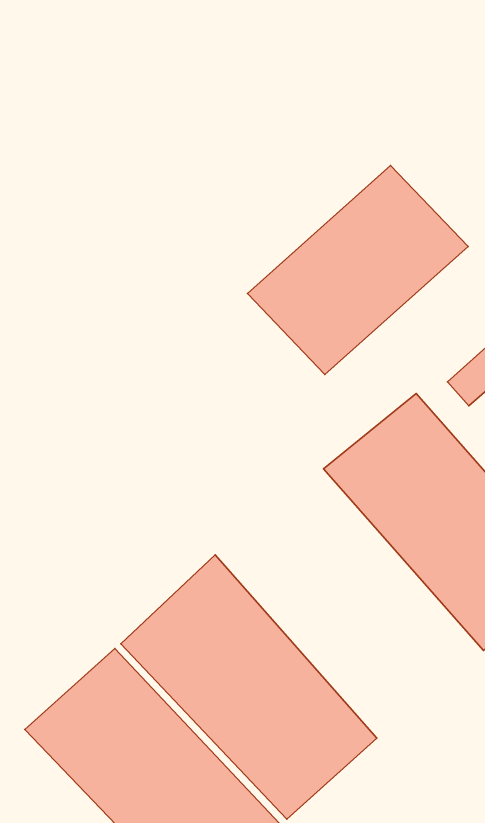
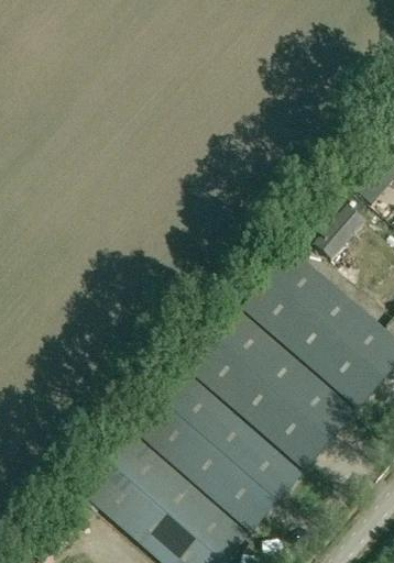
building: [247,165,468,375] -> none
building: none -> [188,311,357,467]

